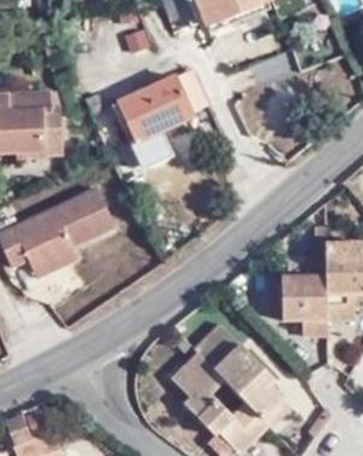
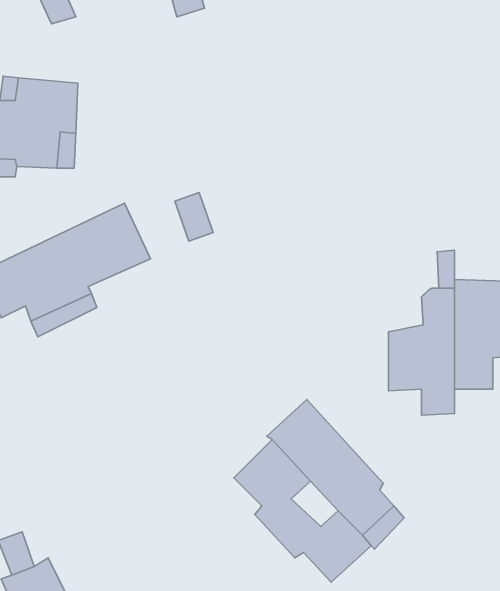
building: [120,78,203,146] -> none

